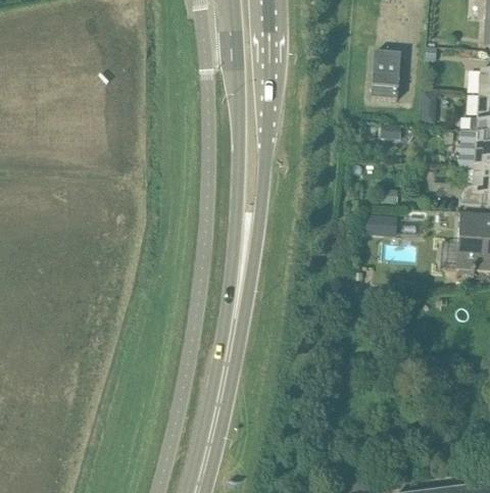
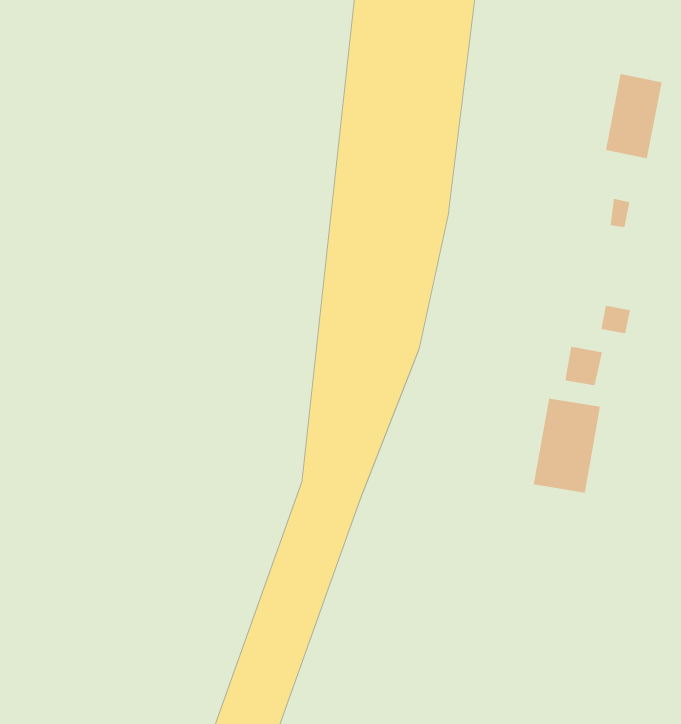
building: none -> [533,398,601,494]

